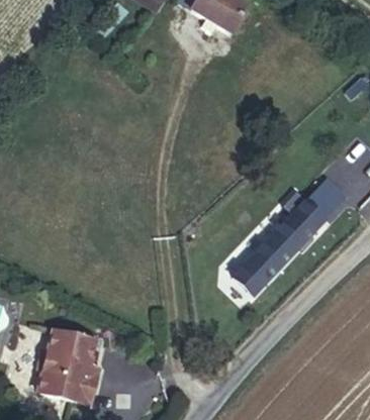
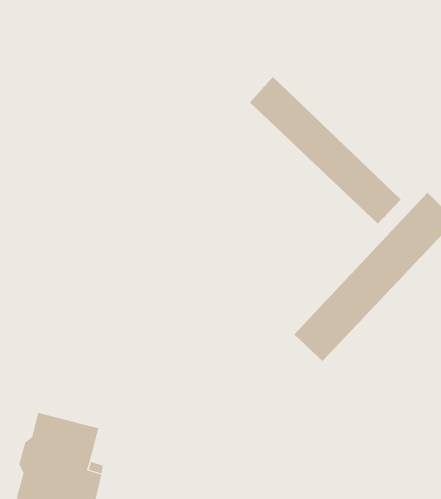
building: none -> [249,76,401,225]

